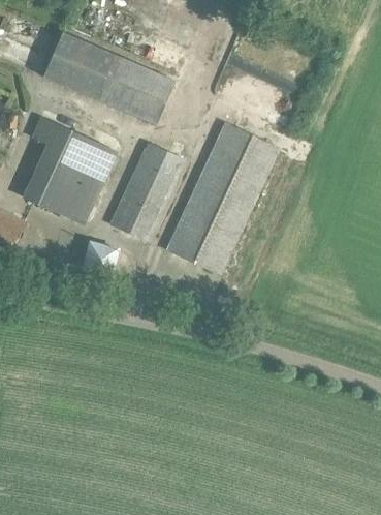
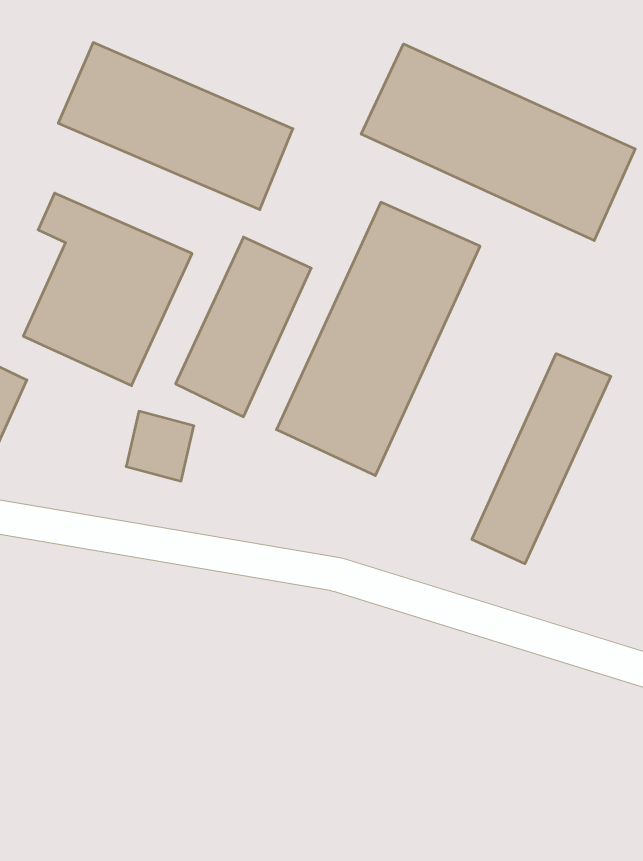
building: none -> [361,44,635,241]
building: none -> [472,354,611,564]

